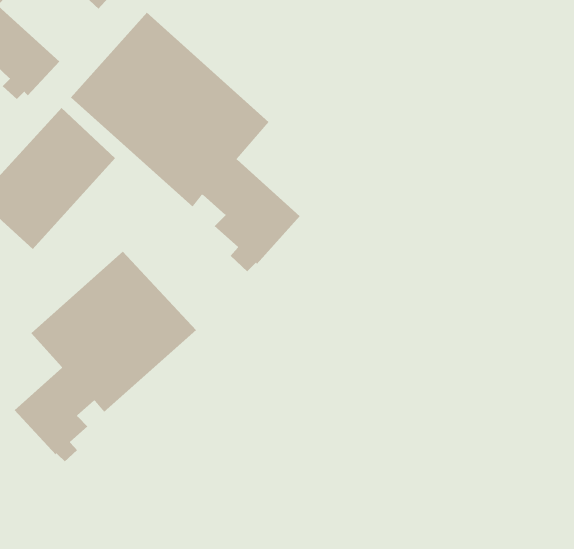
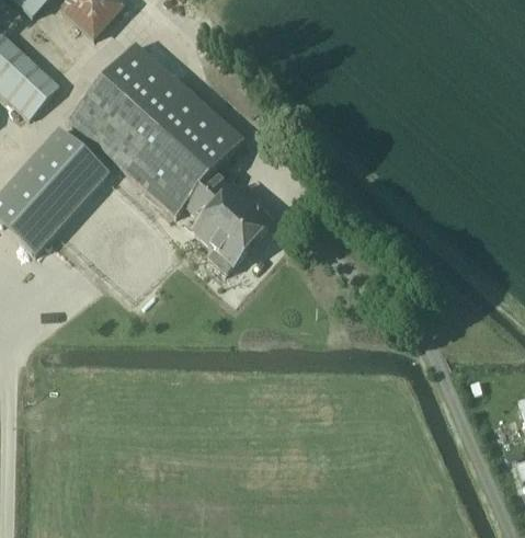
building: [14,251,197,462] -> none

